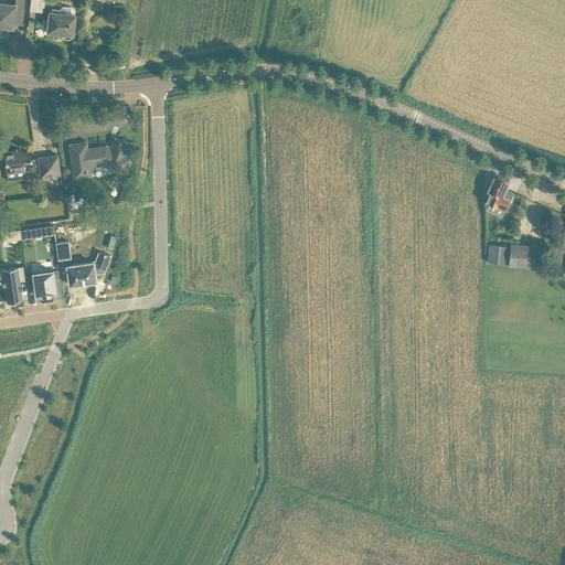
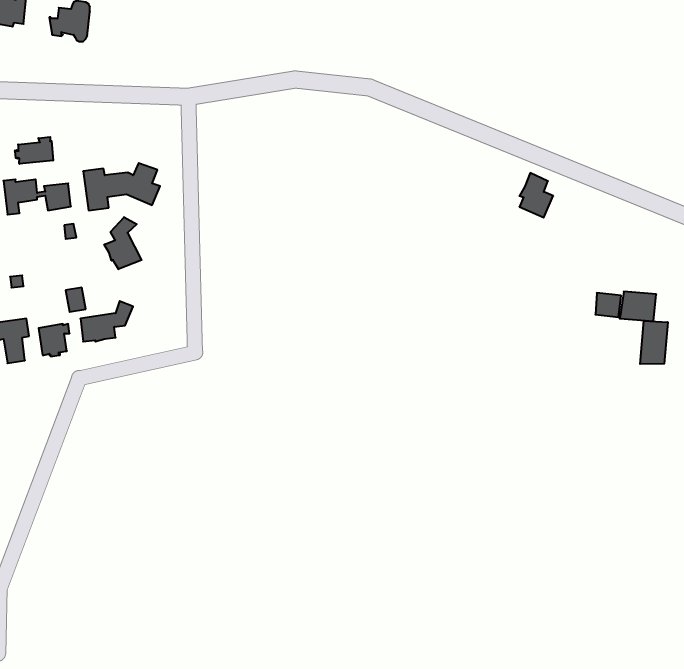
building: none -> [15,137,53,164]
building: [484,174,512,211] -> [519,173,553,218]
building: none -> [104,217,142,269]
building: none -> [640,321,668,364]

